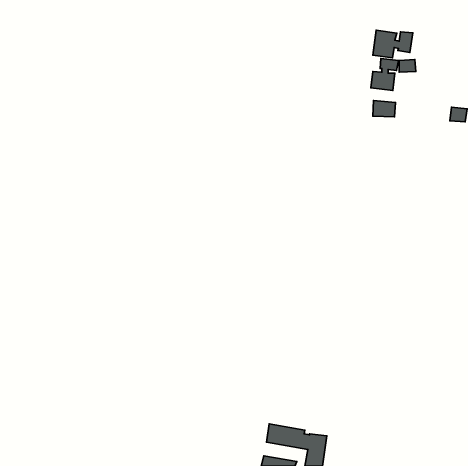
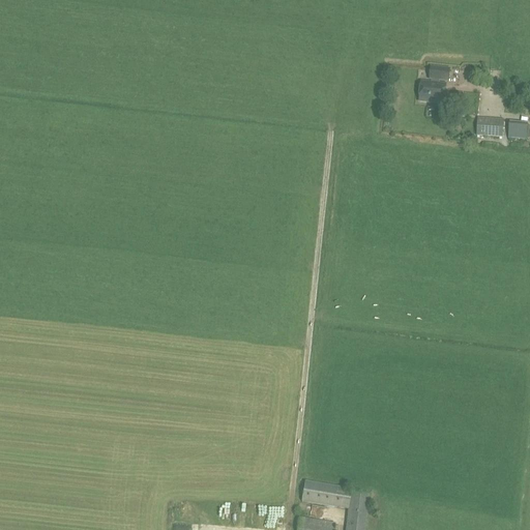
building: [373,30,413,58] -> none
building: [373,101,396,117] -> [477,117,503,136]

